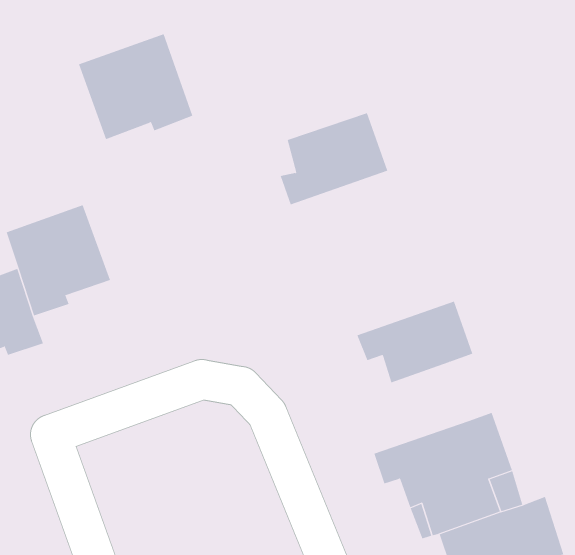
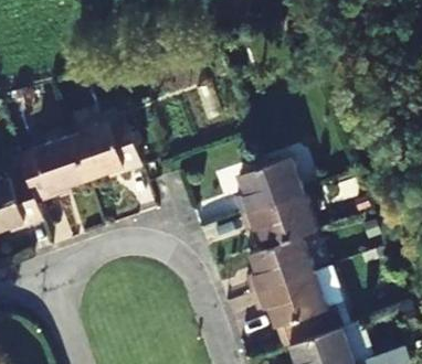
building: [78,33,193,140] -> [65,114,139,182]
building: [280,112,388,205] -> [234,158,304,217]
building: none -> [245,235,313,293]

